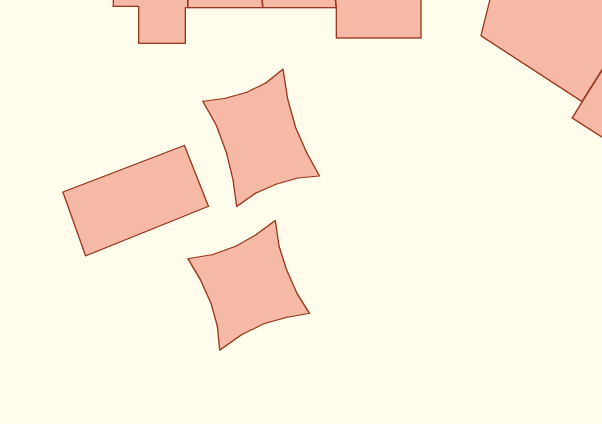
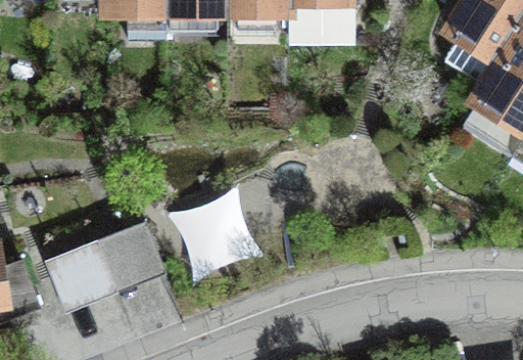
building: [203,69,319,207] -> none
building: [63,145,209,256] -> [48,223,165,312]

